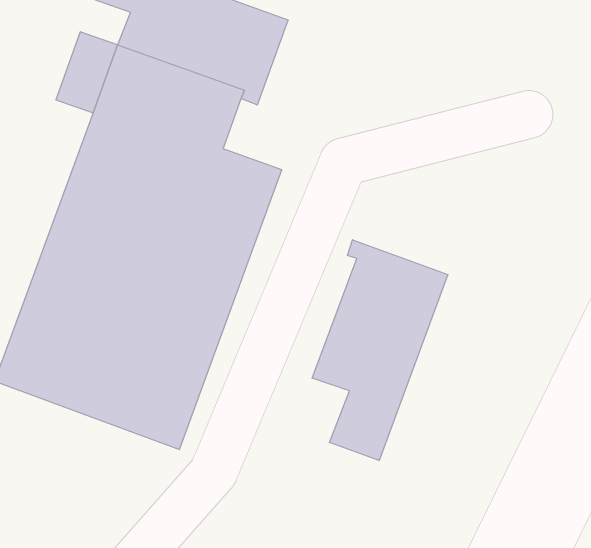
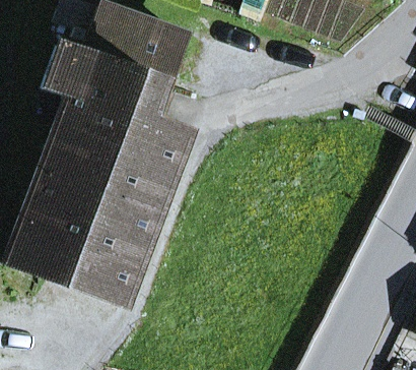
building: [312,240,448,461] -> none

